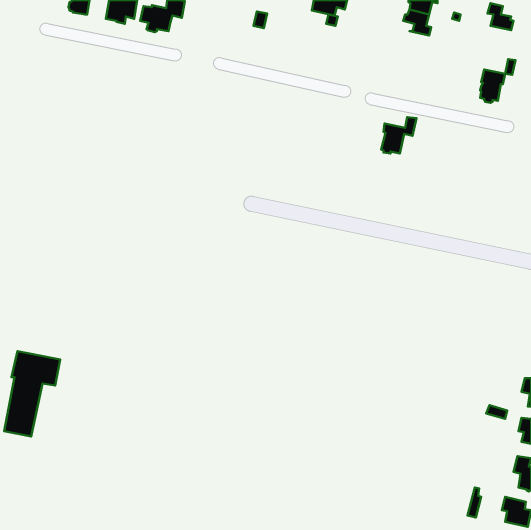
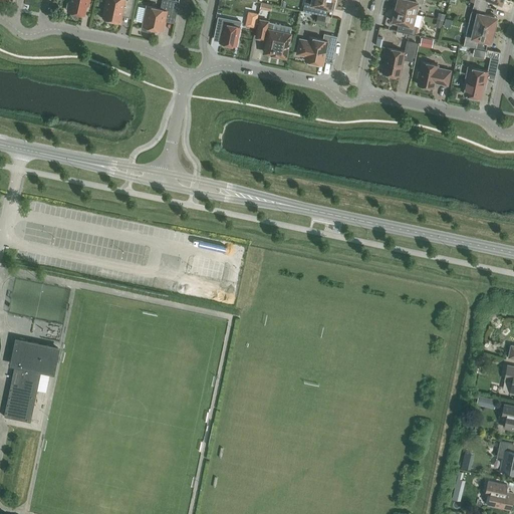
building: none -> [215,18,240,47]
building: none -> [256,20,291,60]
building: none -> [463,24,494,48]
building: none -> [296,34,337,65]
building: none -> [417,62,451,88]
building: [381,117,417,154] -> [381,42,416,77]

